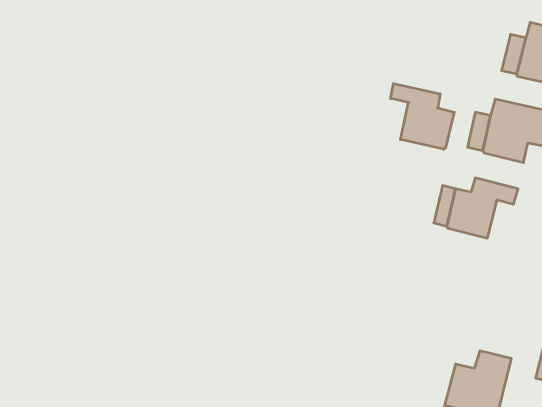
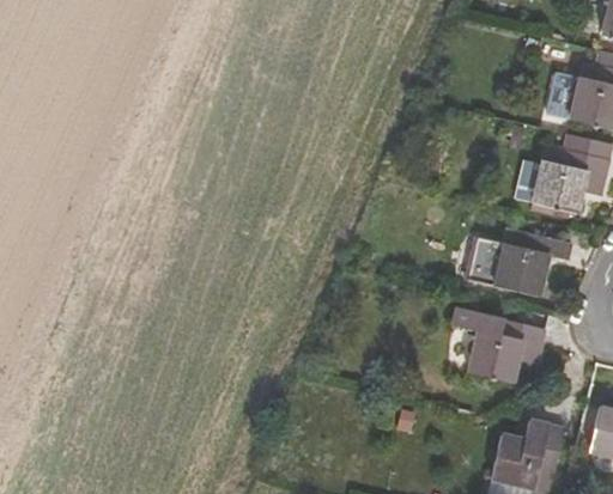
building: [391,84,454,149] -> none
building: none -> [454,307,544,382]

